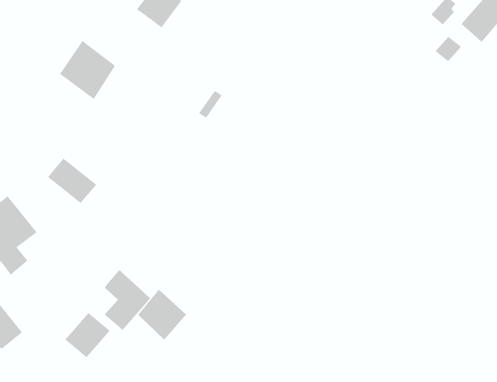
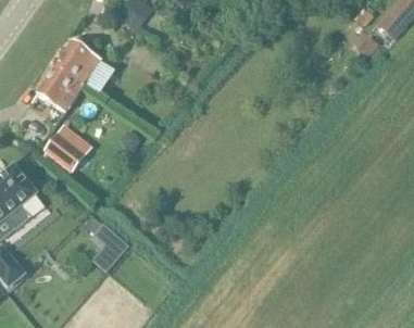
building: none -> [37,66,84,112]
building: [137,289,187,341] -> none
building: [64,312,111,358] -> none

